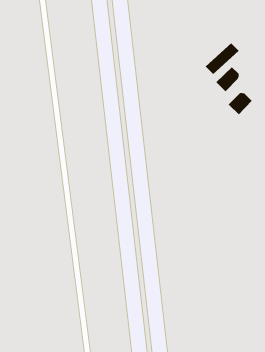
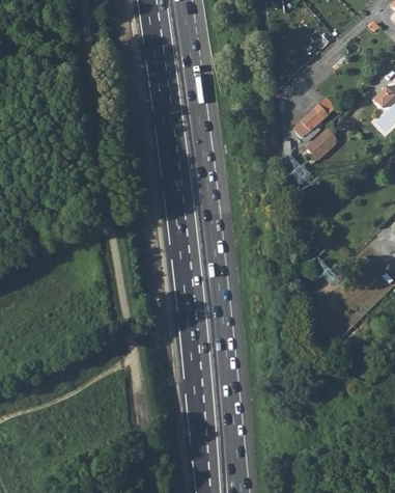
building: [228,92,252,115] -> none

